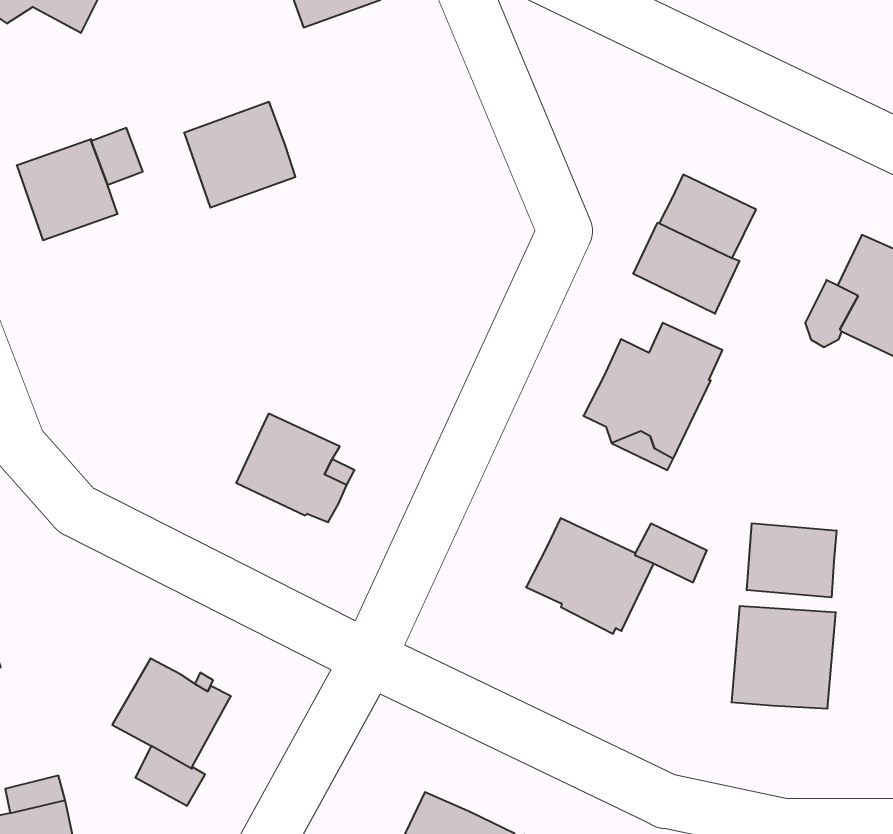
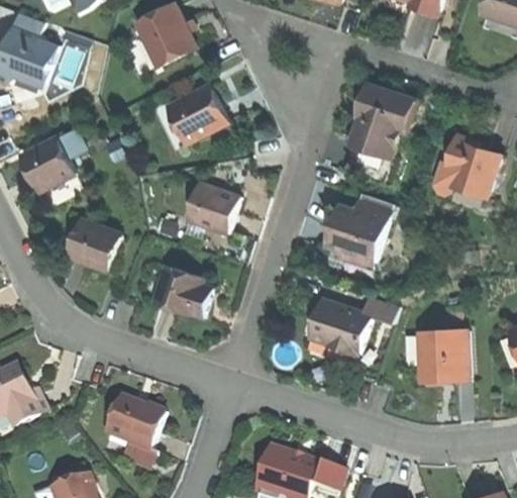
building: [184,102,295,208] -> [166,85,225,142]
building: none -> [357,85,416,131]
building: none -> [185,182,238,232]
building: none -> [66,219,118,270]
building: [747,523,836,597] -> none

